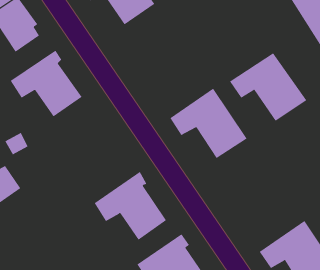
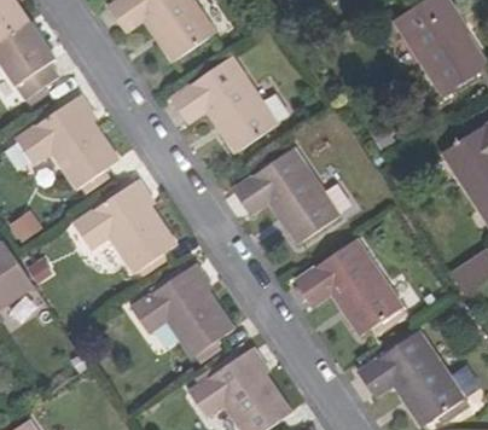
building: none -> [172,57,278,152]
building: [229,52,307,122] -> [296,240,402,335]
building: none -> [75,180,173,273]

